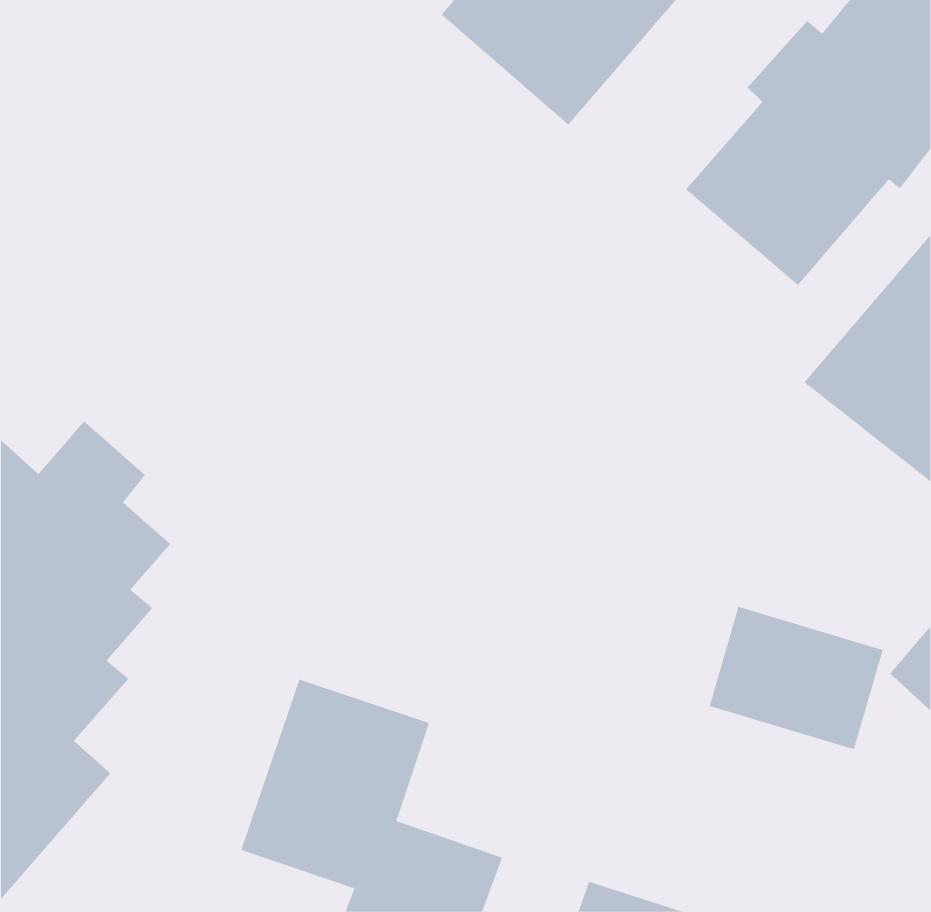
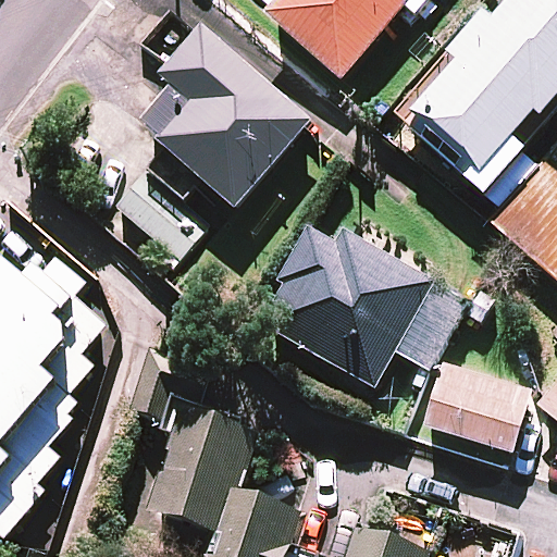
building: none -> [120,27,307,256]
building: none -> [259,227,467,382]

